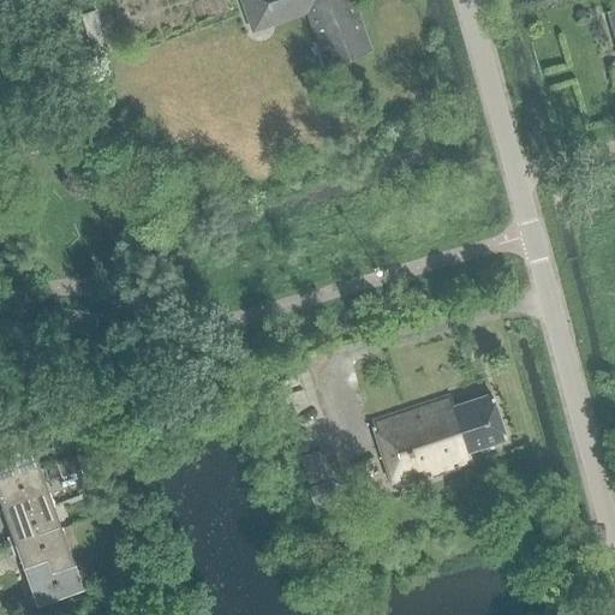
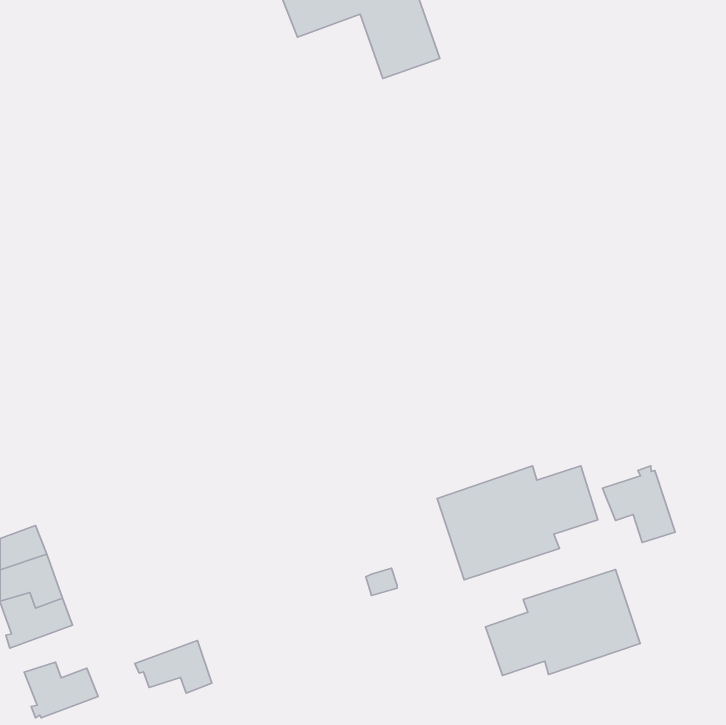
building: none -> [603,466,675,542]
building: none -> [485,570,640,676]
building: [10,527,74,572] -> [135,641,212,693]

